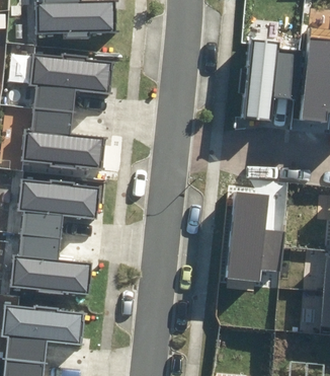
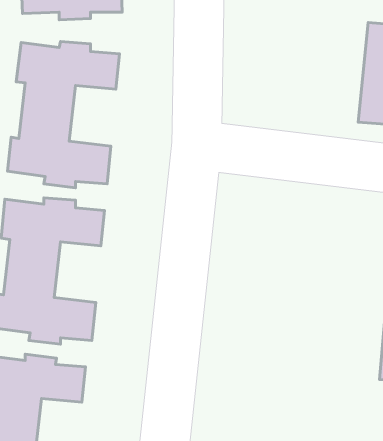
building: [246,40,300,122] -> none
building: [225,191,286,281] -> none

